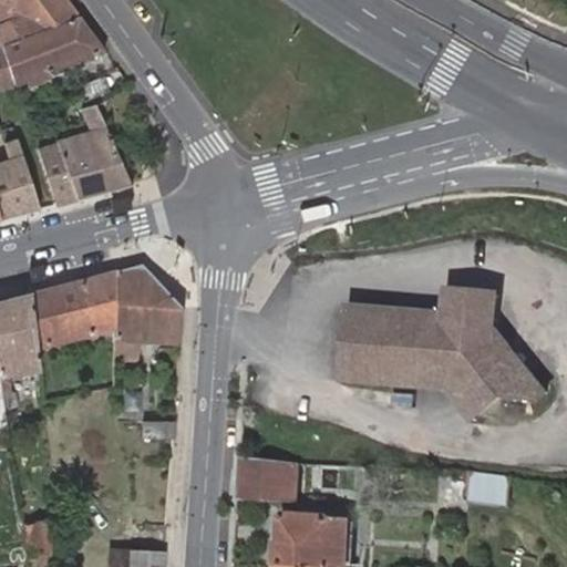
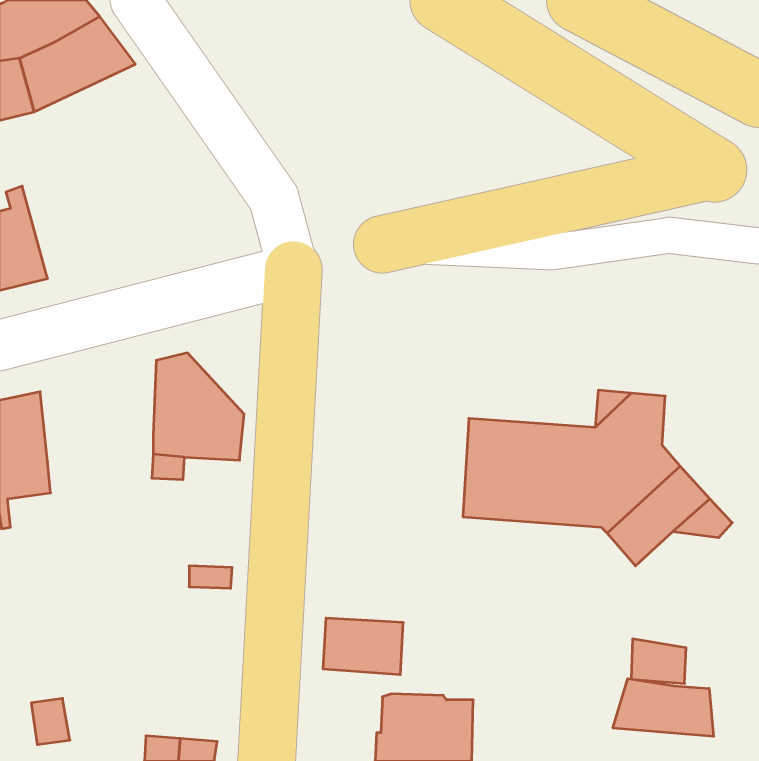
building: [39,102,126,203] -> none
building: [30,268,116,343] -> none
building: none -> [613,679,714,736]

